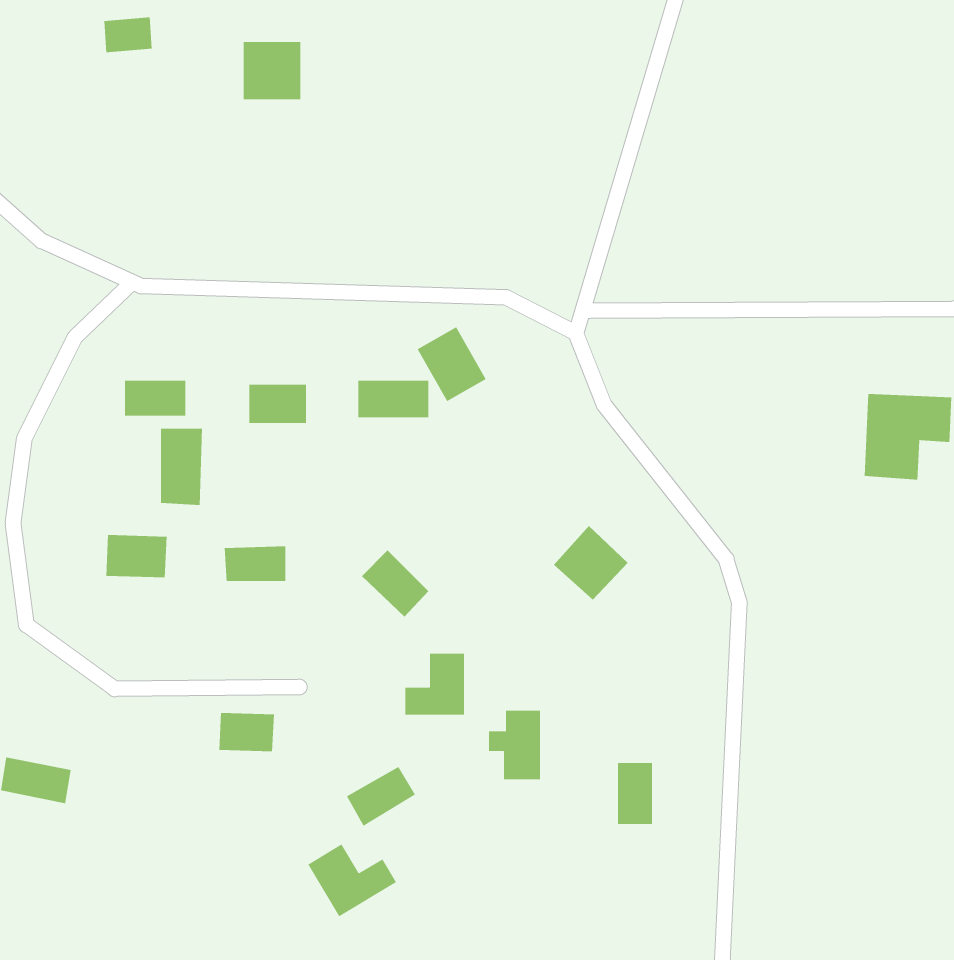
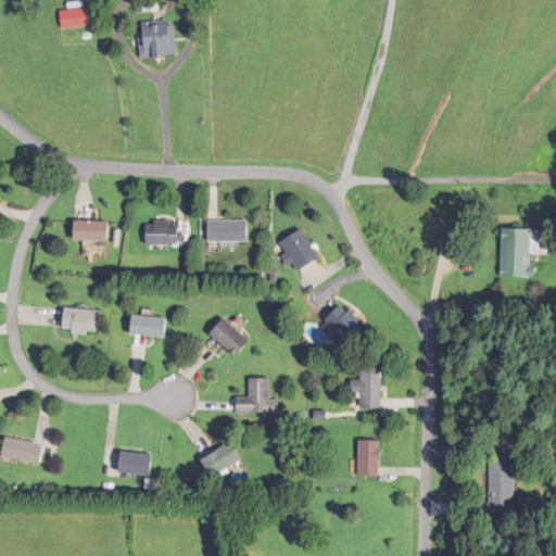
building: [417,327,486,402] -> [279,228,319,271]
building: [161,428,202,506] -> none
building: [488,710,541,780] -> [349,368,379,408]
building: [218,712,275,752] -> [118,452,151,475]
building: none -> [486,462,513,517]
building: [307,844,397,917] -> none

